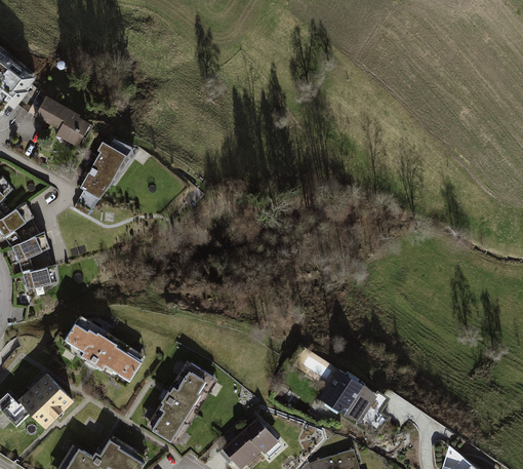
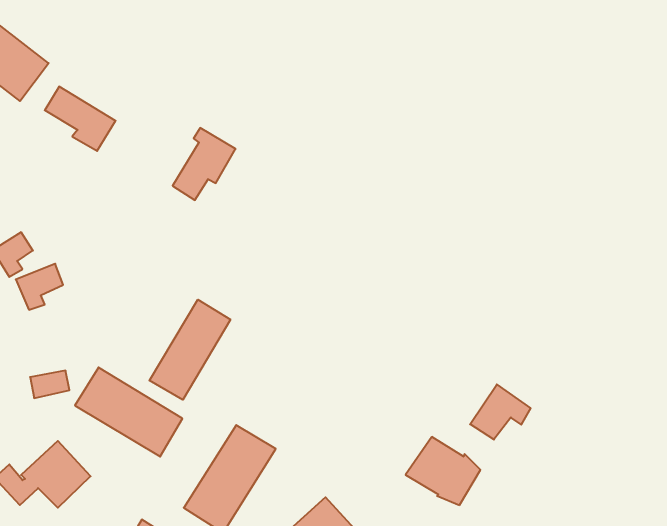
building: [77,141,126,197] -> [173,128,236,200]
building: none -> [149,300,230,400]
building: [27,268,57,289] -> [30,371,69,398]
building: none -> [470,384,531,440]

